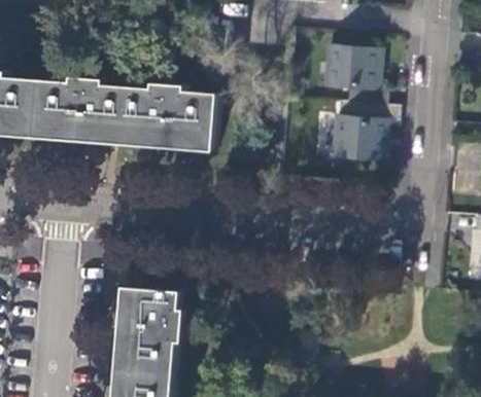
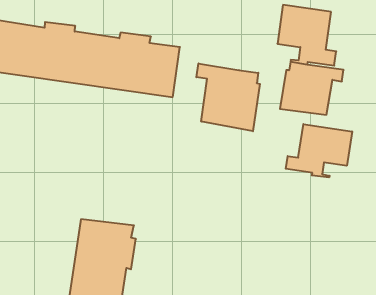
building: none -> [196,63,260,131]
building: none -> [286,124,352,177]

